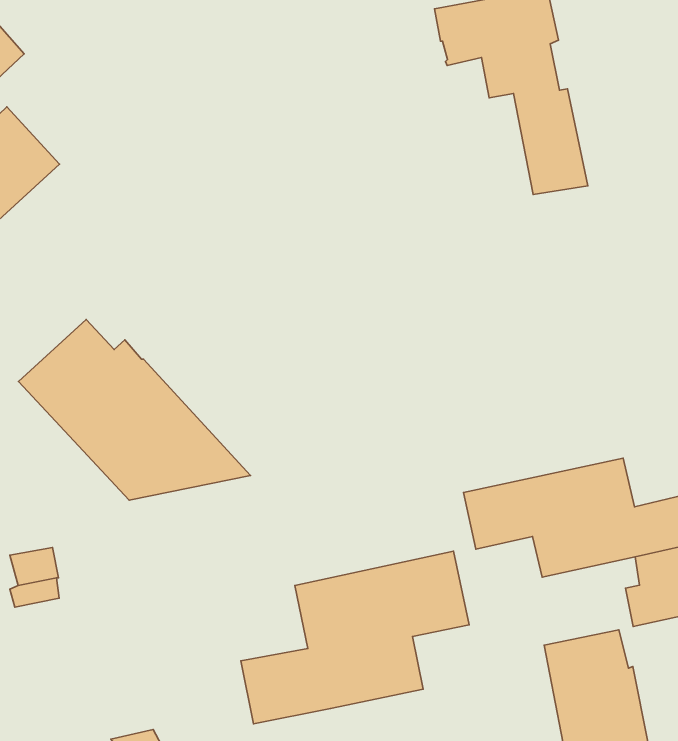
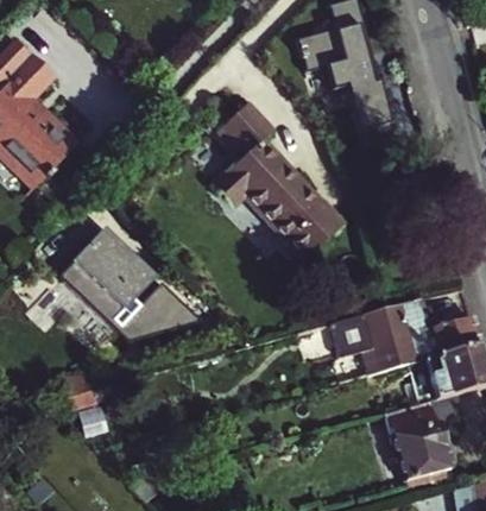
building: none -> [216,100,346,257]
building: [241,551,469,724] -> none

